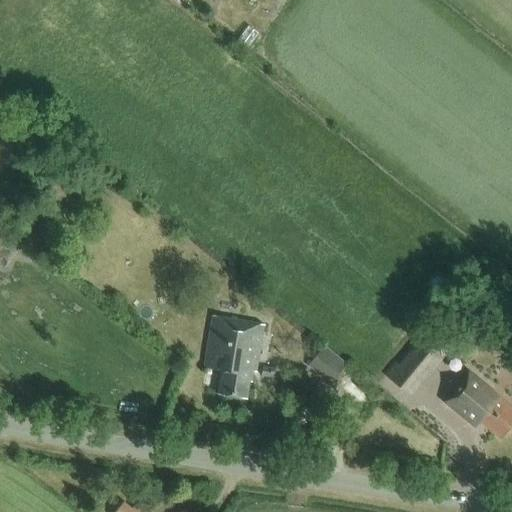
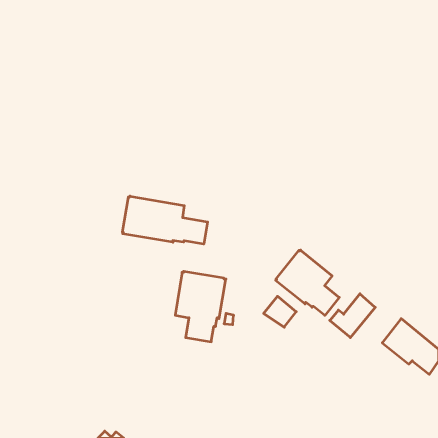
building: none -> [122,196,208,244]
building: none -> [276,250,339,315]

